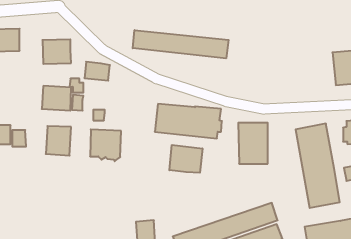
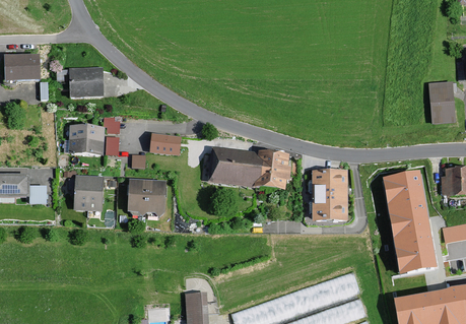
building: [133,30,229,58] -> none
building: [84,62,110,81] -> [150,132,182,155]
building: [169,145,202,173] -> none

